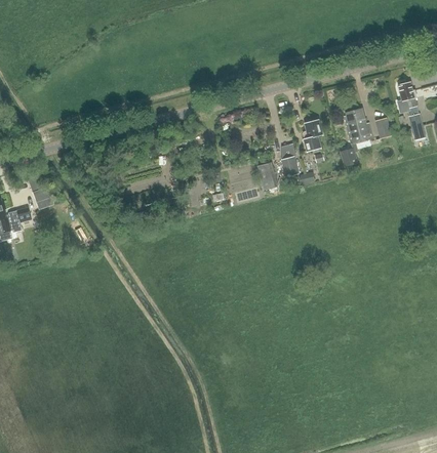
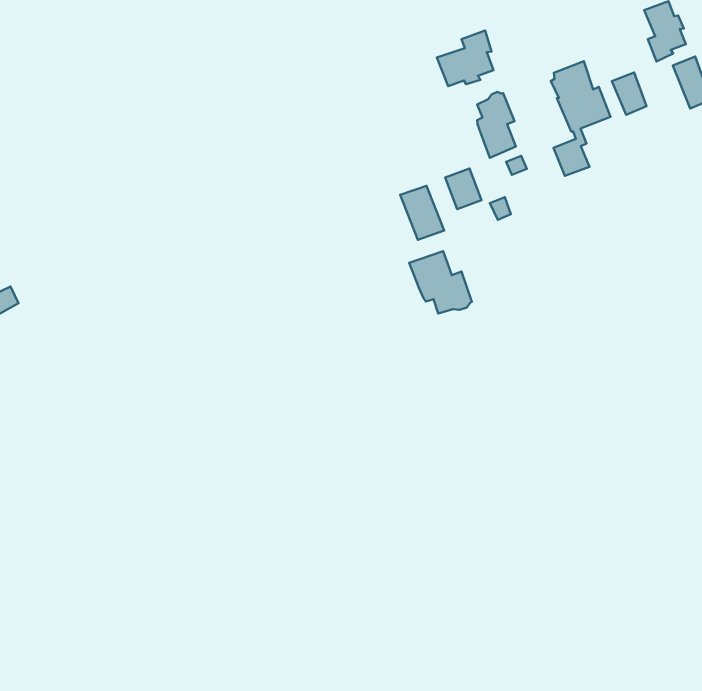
building: none -> [437,30,494,86]
building: none -> [409,251,472,314]

